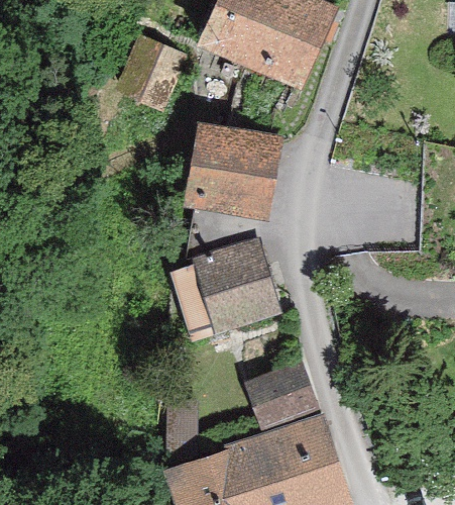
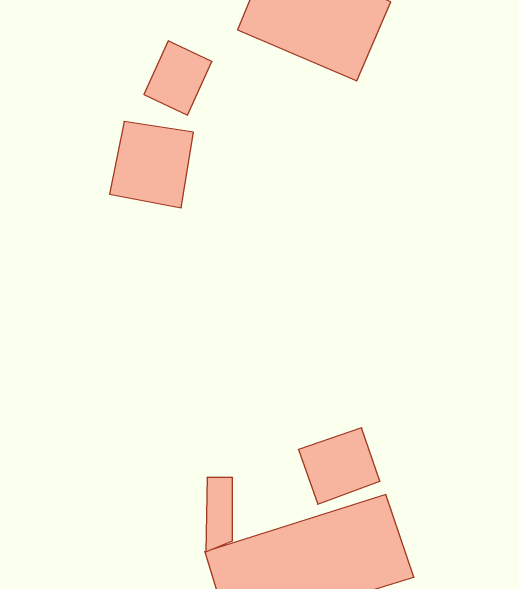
building: [198,134,267,206] -> [110,121,193,208]
building: [177,244,276,338] -> none

